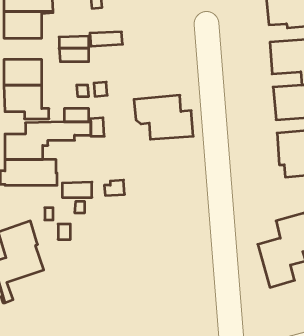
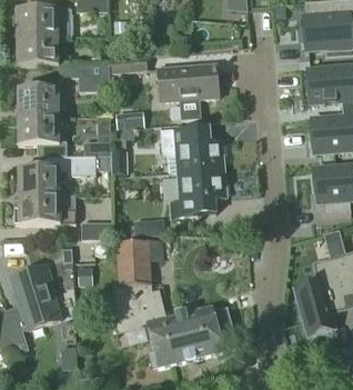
building: none -> [158,64,218,120]
building: none -> [169,170,224,217]
building: none -> [111,239,236,367]

